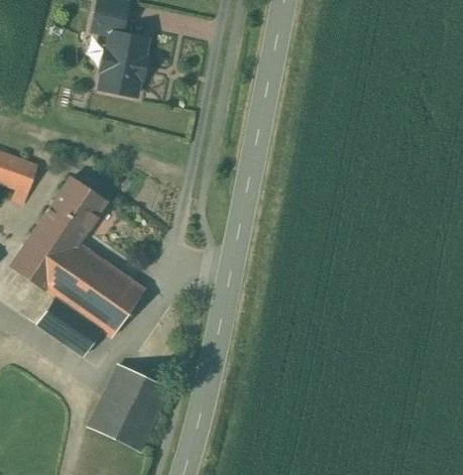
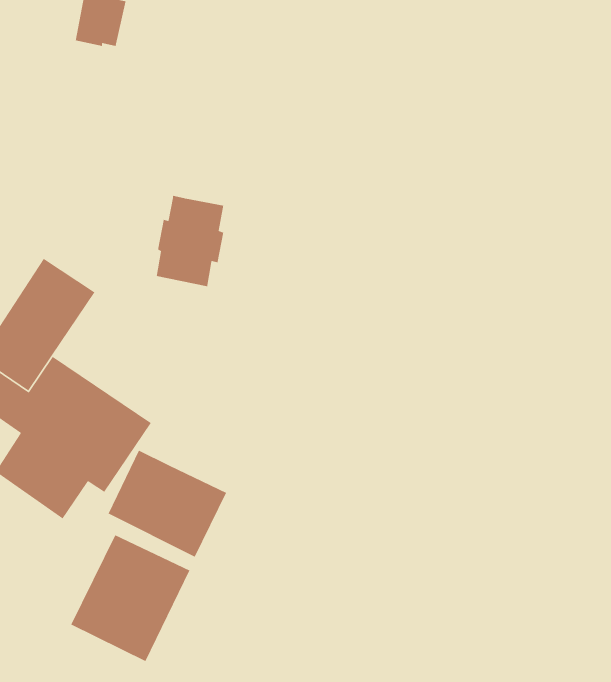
building: [100,31,146,94] -> [156,195,224,287]
building: none -> [108,450,227,558]

